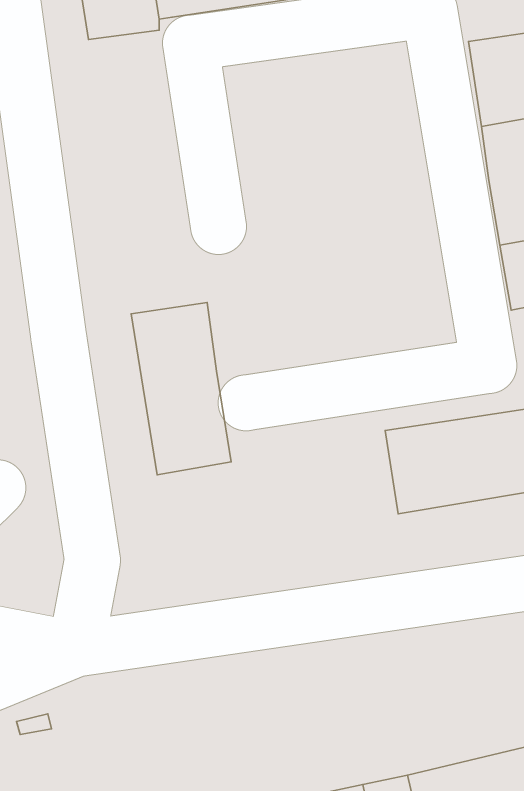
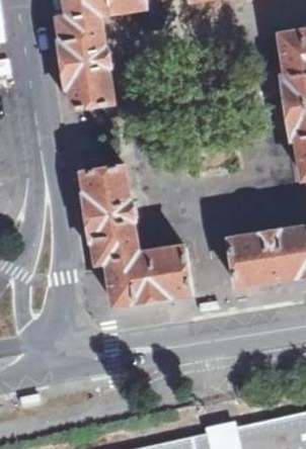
building: none -> [63,21,111,100]
building: none -> [100,250,196,308]

